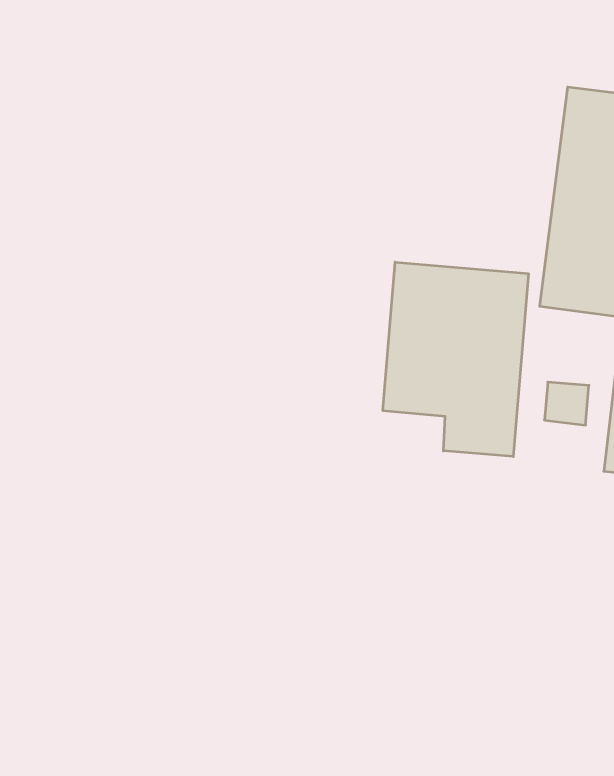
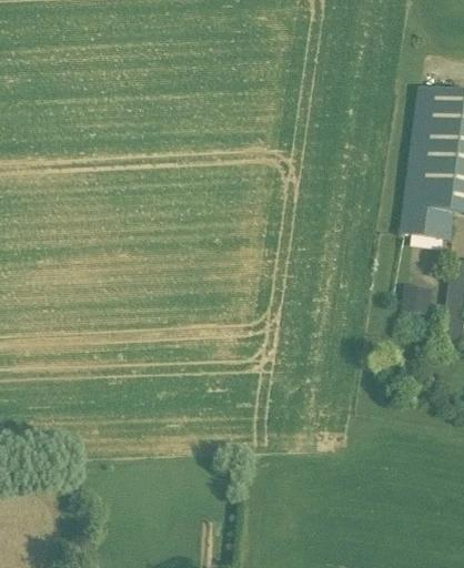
building: [383,262,528,457] -> none

